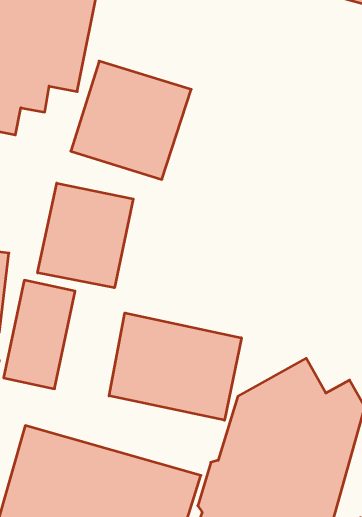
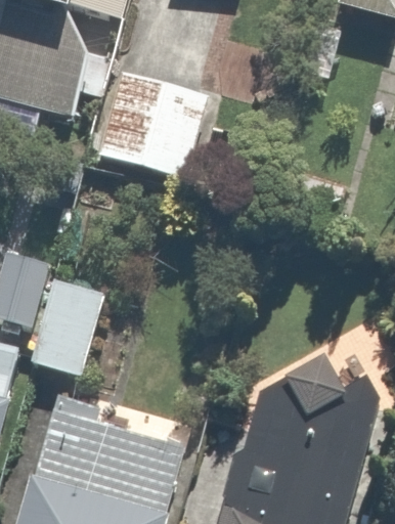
building: [38,183,133,288] -> none
building: [109,313,241,420] -> none

